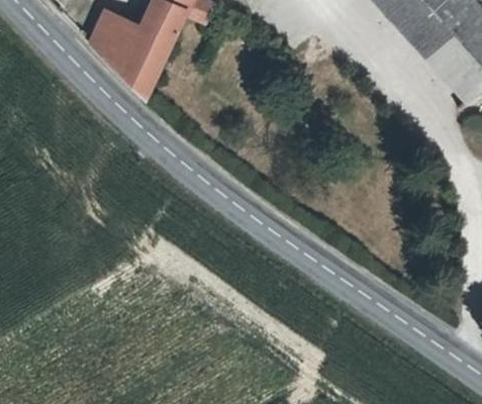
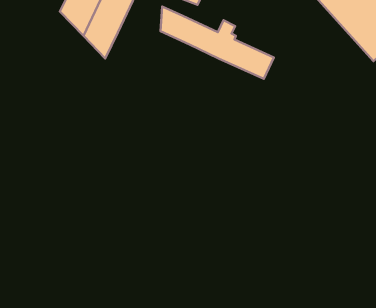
building: none -> [160,7,274,79]

